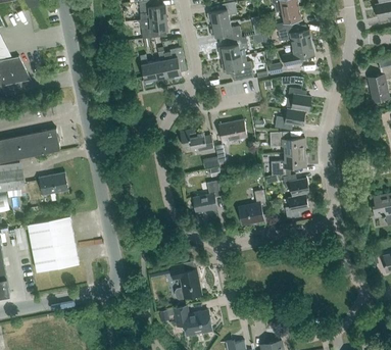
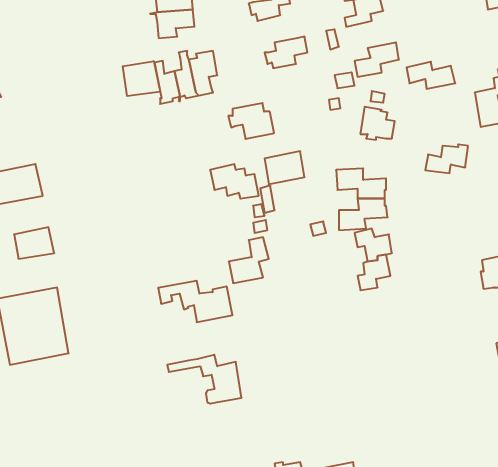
building: [209,22,241,43] -> none
building: [277,27,311,46] -> [407,62,455,89]
building: none -> [123,61,160,96]
building: [221,56,253,82] -> [228,103,274,139]
building: [274,109,304,130] -> [425,144,468,173]
building: [238,190,265,226] -> none
building: [158,306,211,336] -> [158,281,233,322]

